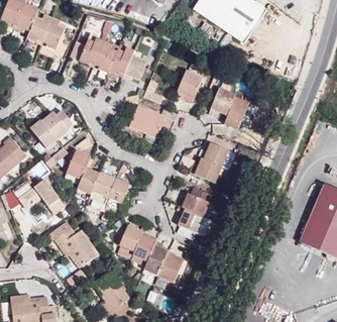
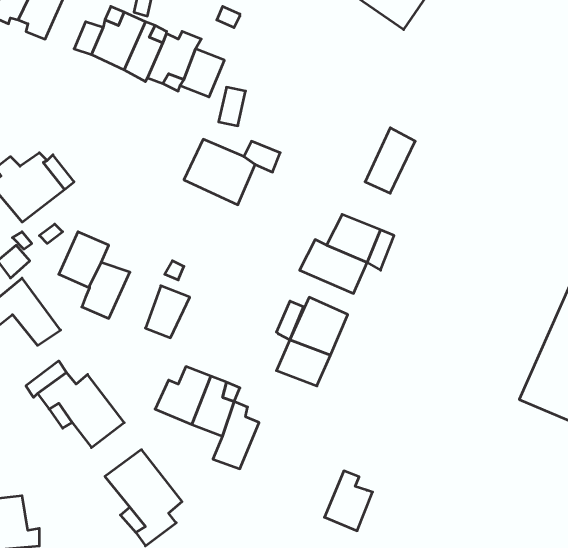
building: [174,69,203,100] -> none
building: [209,89,238,126] -> none
building: [89,174,117,207] -> none
building: [158,252,184,284] -> [324,471,373,531]

